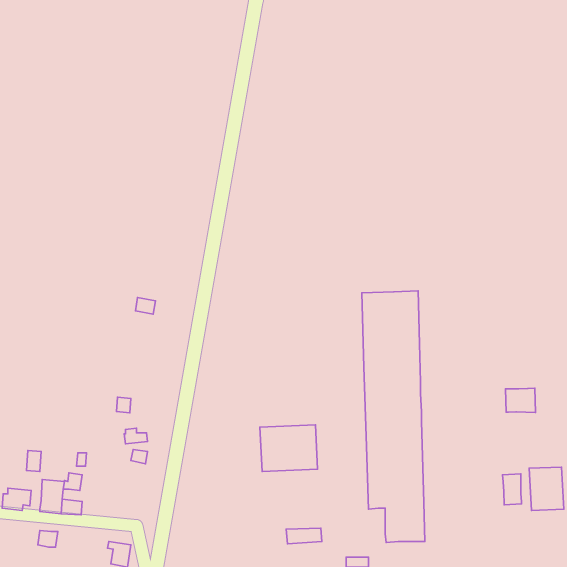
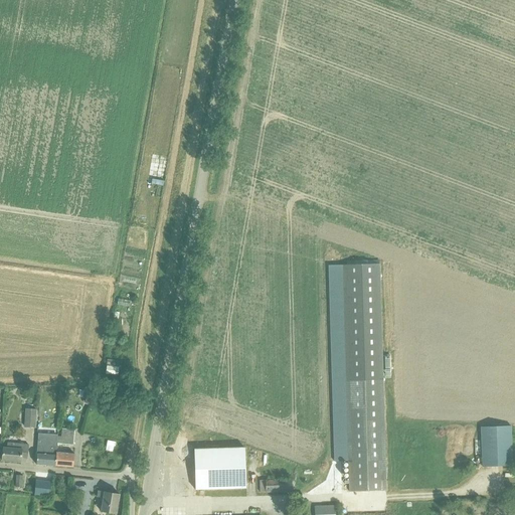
building: [505,388,536,412] -> none
building: [260,425,318,471] -> [192,446,244,488]
building: [503,474,522,505] -> none

